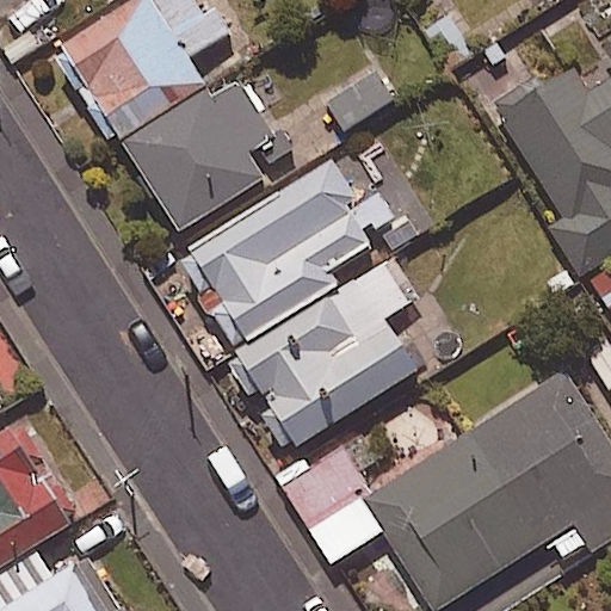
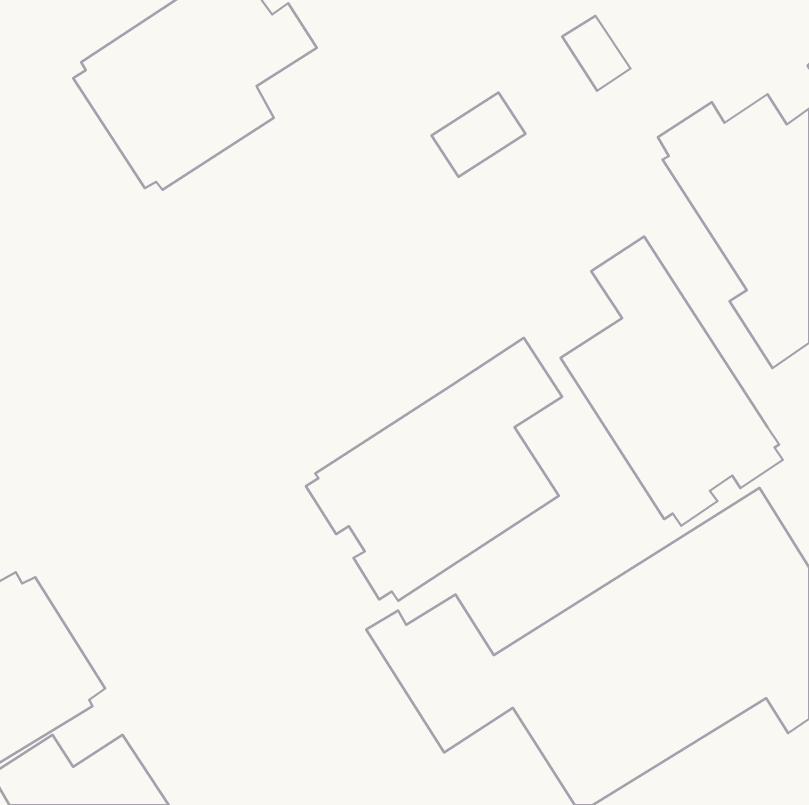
building: [122,78,294,234] -> none
building: [180,159,418,350] -> none
building: none -> [560,237,783,526]

